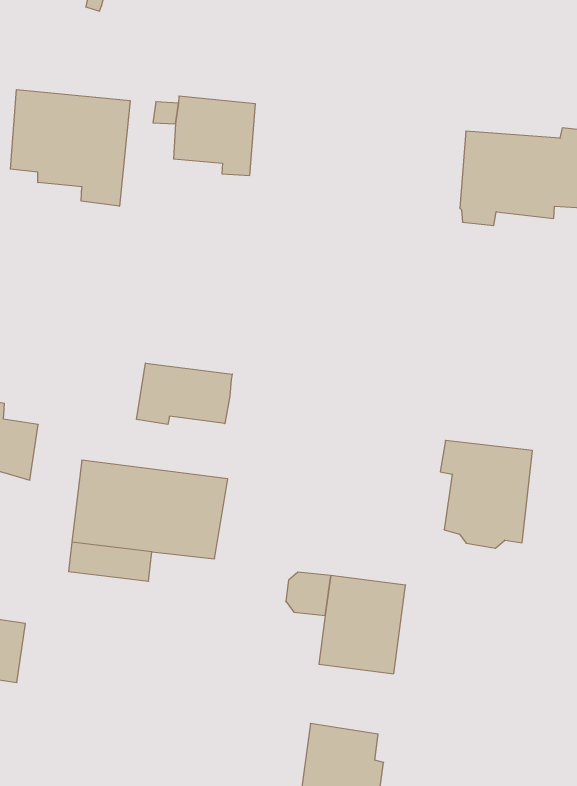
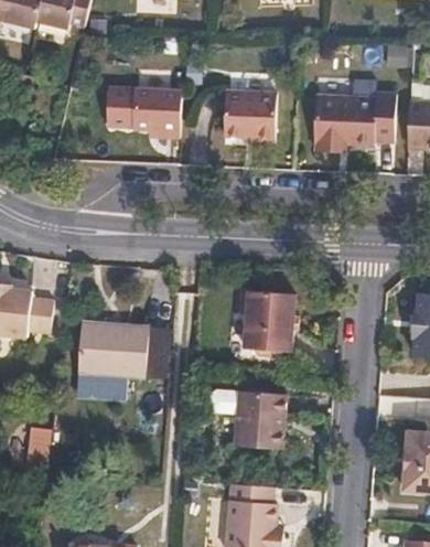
building: [10,90,130,206] -> none
building: none -> [221,93,271,141]
building: [137,363,232,424] -> none
building: [440,440,532,548] -> [241,291,299,357]

